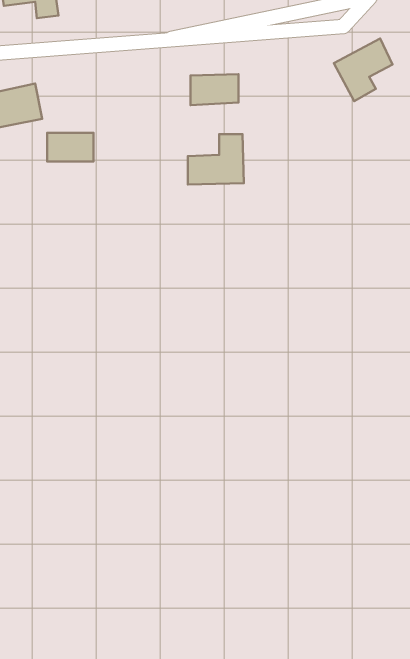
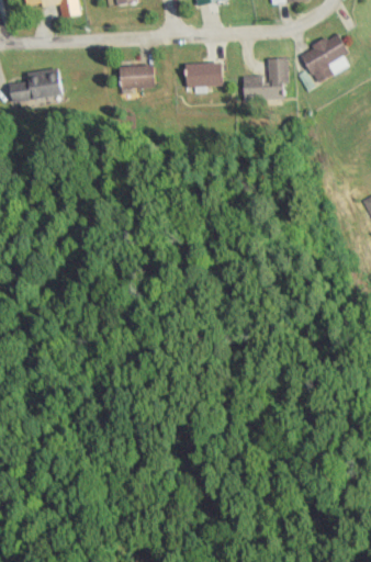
building: [47,133,93,161] -> [119,65,156,88]
building: [188,134,244,185] -> [243,58,288,99]

